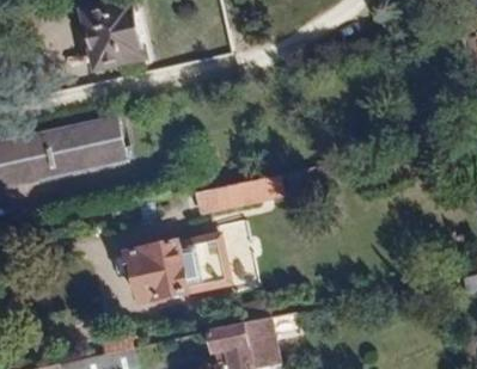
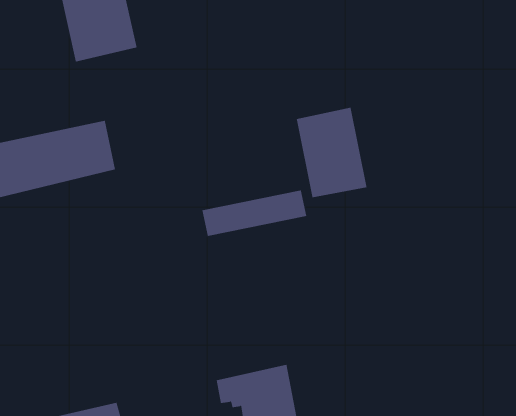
building: none -> [296,107,367,198]
building: [111,230,232,306] -> none

